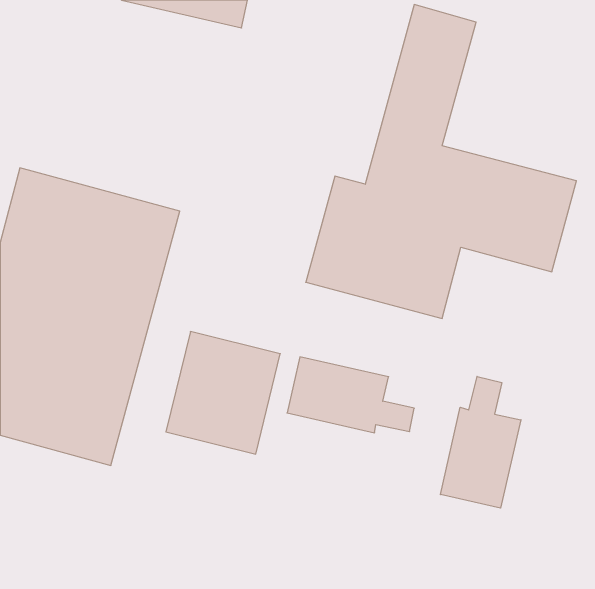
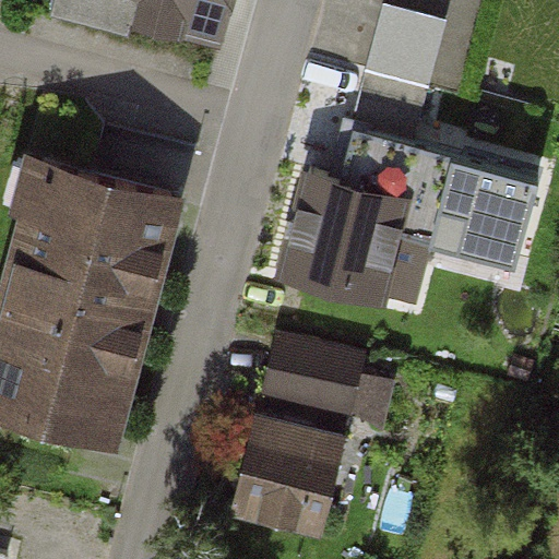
building: [166,332,280,454] -> [230,423,337,537]
building: [440,376,521,508] -> none

